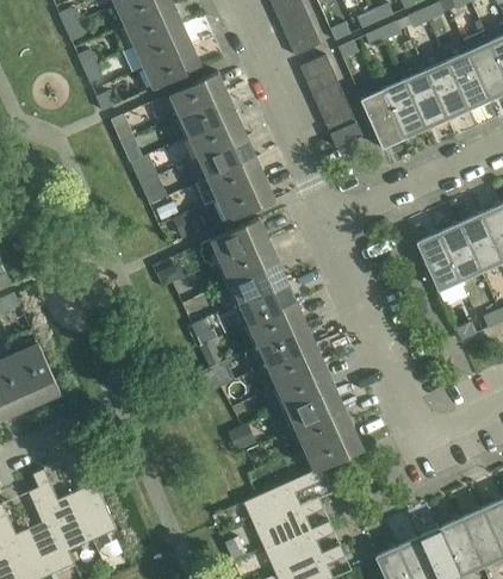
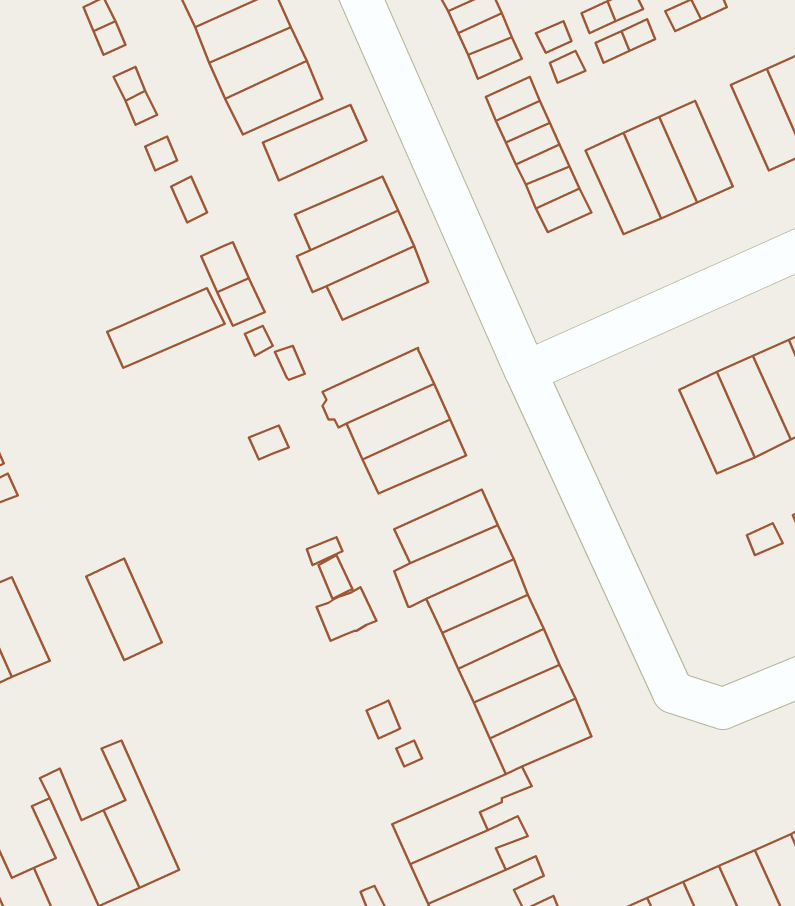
building: [424,60,468,120] -> none
building: [175,93,237,137] -> none
building: [205,178,275,225] -> [107,288,225,368]
building: [235,281,297,325] -> none
building: [15,343,61,404] -> [86,559,162,660]

